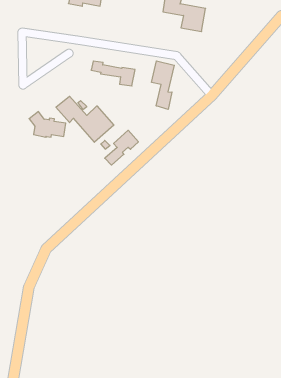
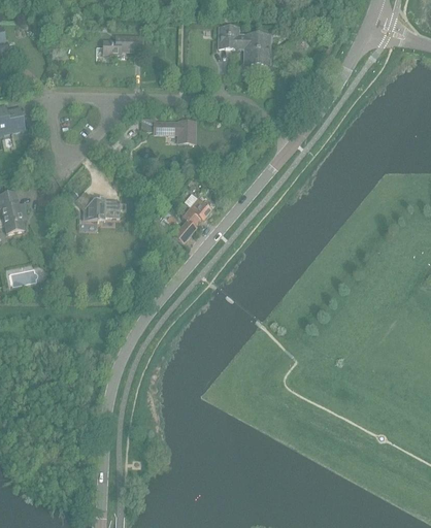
building: [152,61,174,109] -> none
building: [56,96,114,142] -> none

